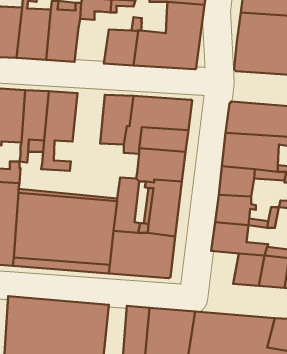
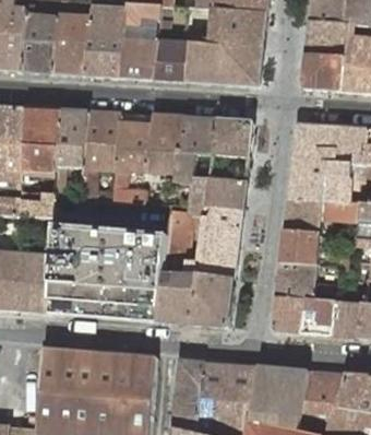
building: none -> [118,38,157,80]
building: none -> [112,114,153,204]
building: none -> [271,295,307,333]

